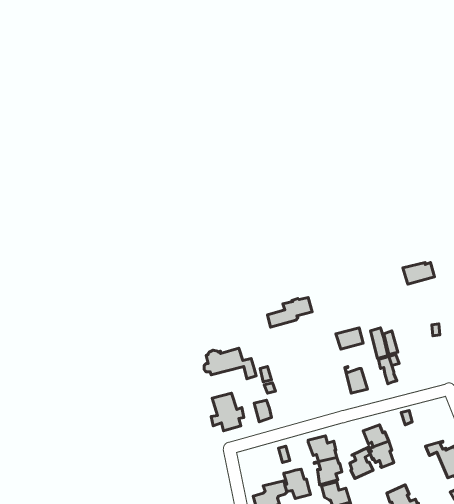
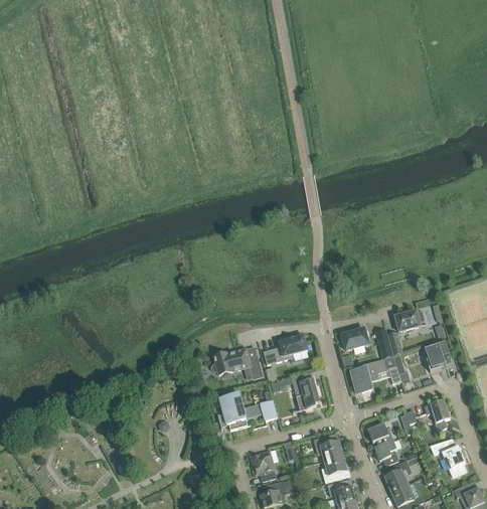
building: [403,263,434,284] -> [394,310,426,331]
building: [267,298,312,327] -> [264,335,308,364]
building: none -> [425,341,452,371]
building: none -> [291,373,320,410]
building: none -> [425,399,451,430]
building: [350,447,373,478] -> [386,460,410,491]
building: [284,469,310,499] -> [252,452,278,481]

